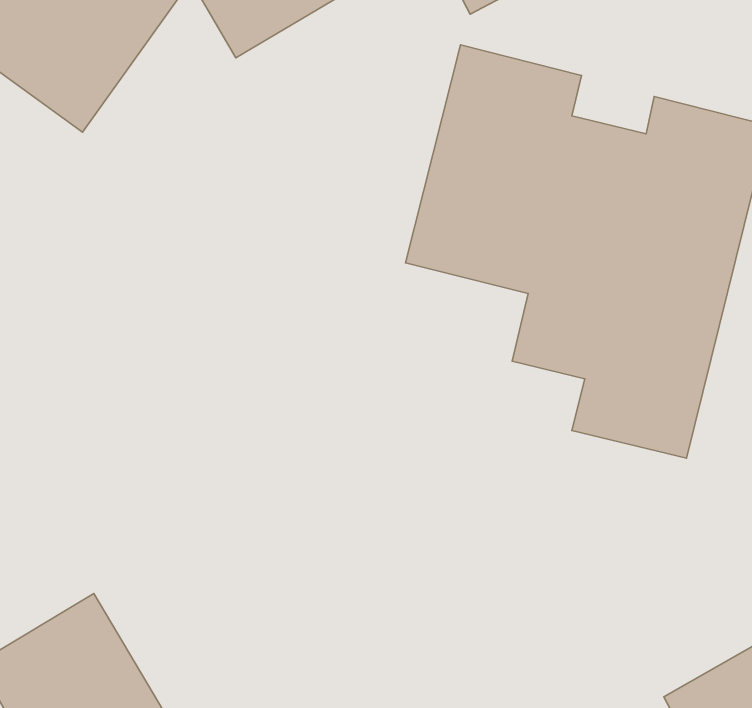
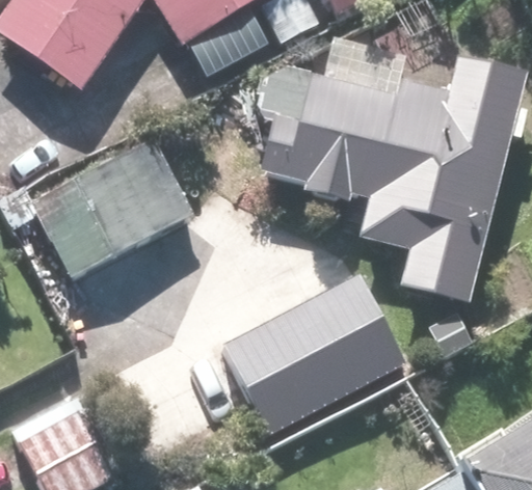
building: none -> [52,141,188,264]
building: none -> [192,270,383,427]

